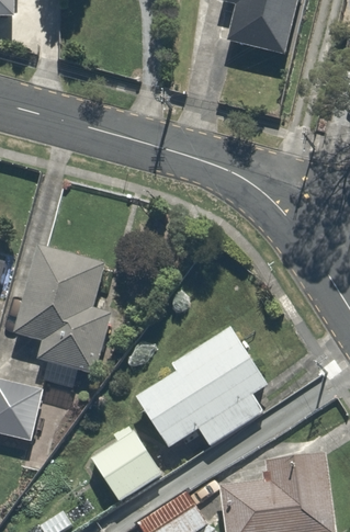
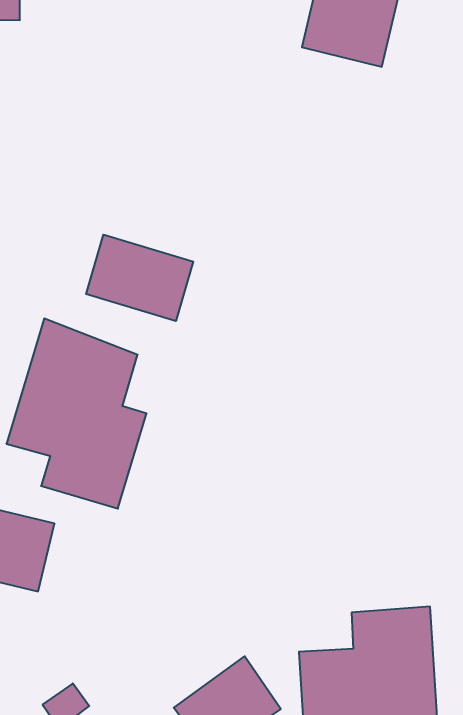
building: none -> [86,235,193,321]
building: [134,327,266,452] -> none
building: [87,422,161,505] -> none

